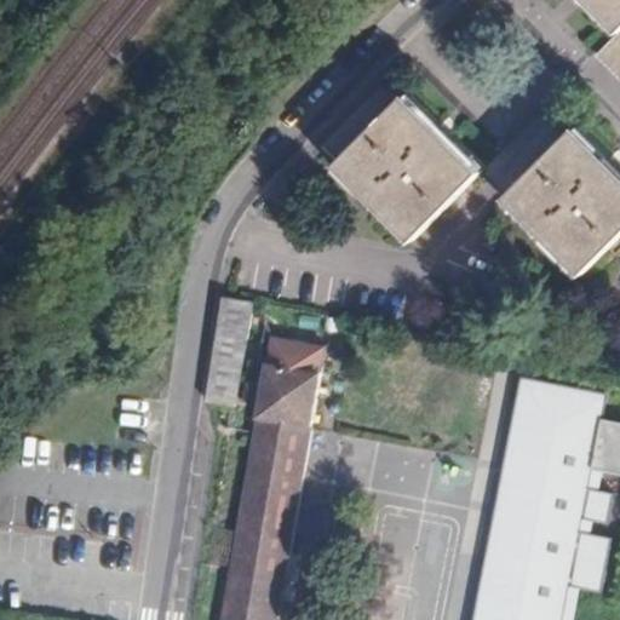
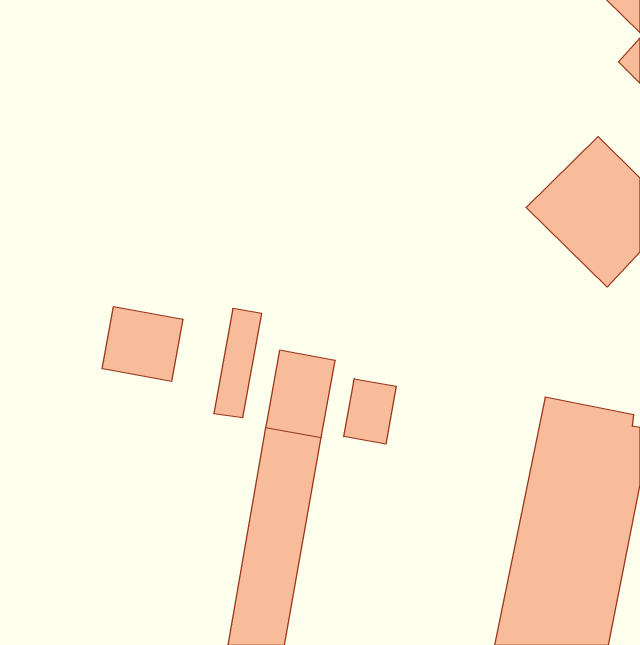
building: [332,98,480,245] -> none
building: none -> [102,307,183,381]
building: none -> [344,379,396,444]

